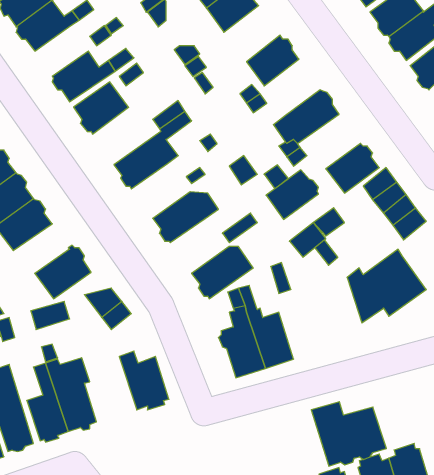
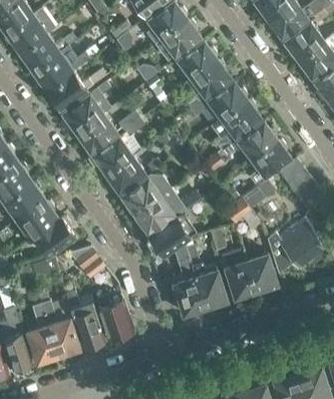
building: none -> [178,41,218,79]
building: none -> [32,52,73,90]
building: none -> [208,82,247,119]
building: none -> [76,113,117,152]
building: none -> [105,155,145,192]
building: [266,170,318,219] -> [238,122,277,159]
building: none -> [134,196,174,234]
building: none -> [17,201,59,240]
building: none -> [66,292,105,348]
building: [311,402,386,466] -> [222,251,278,299]

